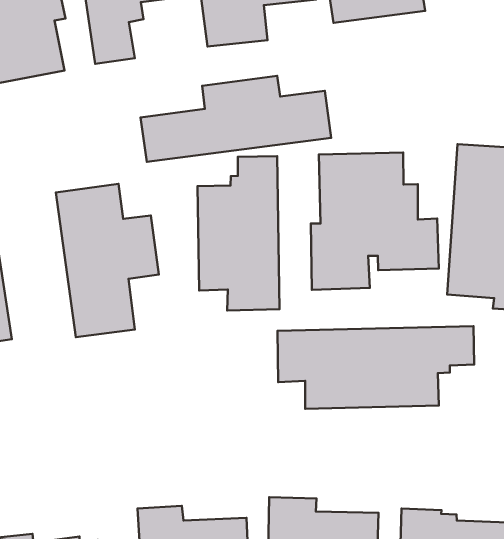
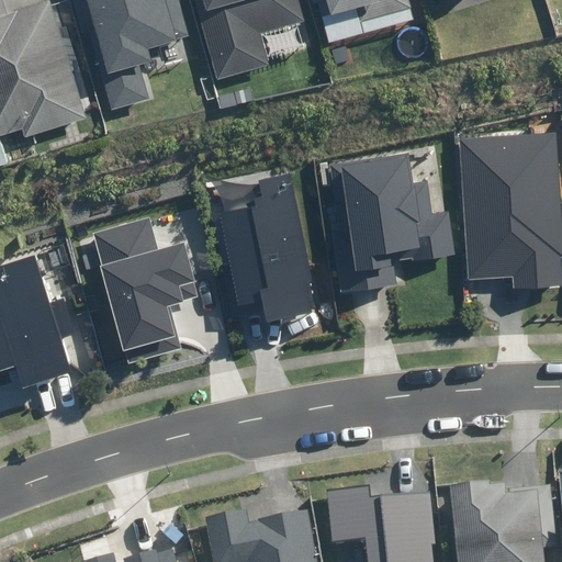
building: [141,76,331,162] -> none
building: [278,326,474,409] -> none

